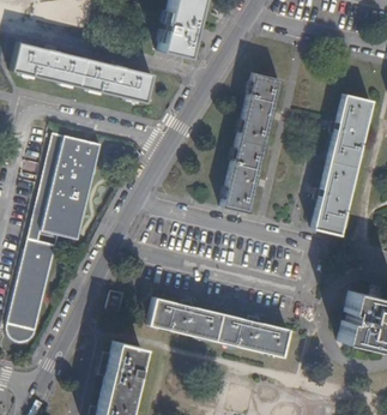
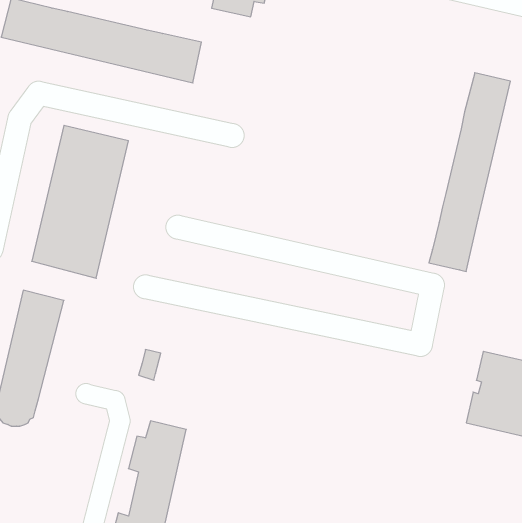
building: [222,73,280,213] -> none
building: [26,228,60,255] -> none
building: [147,297,289,356] -> none

